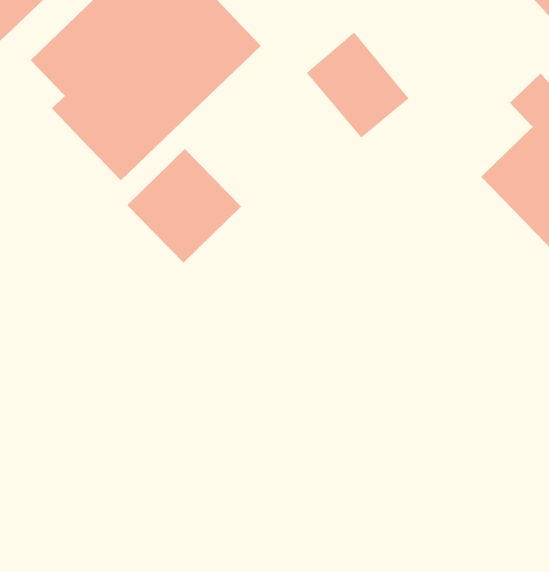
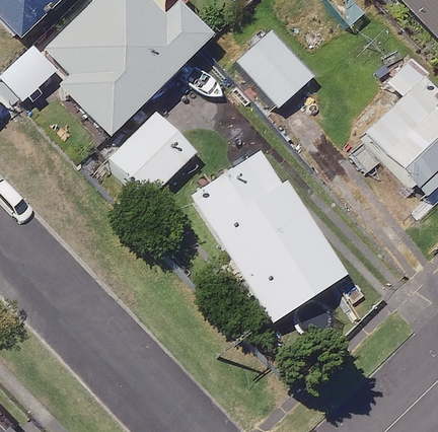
building: none -> [195,152,345,316]

